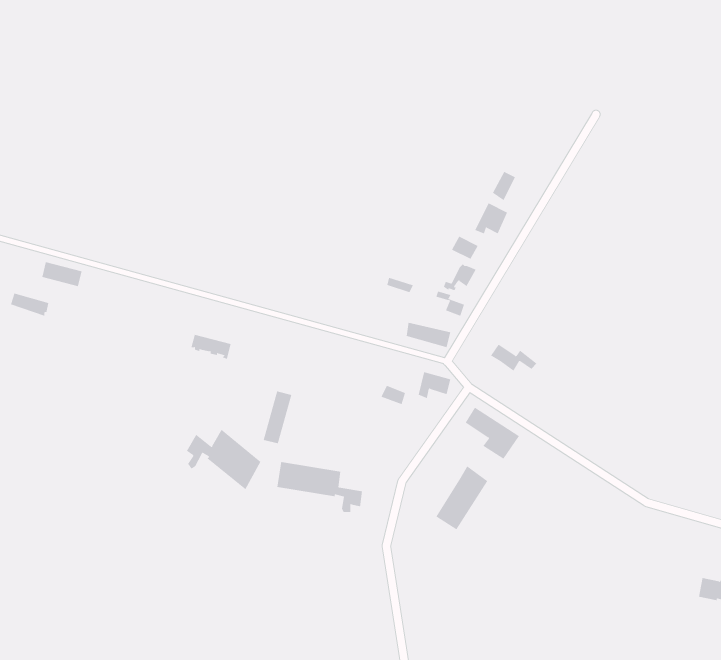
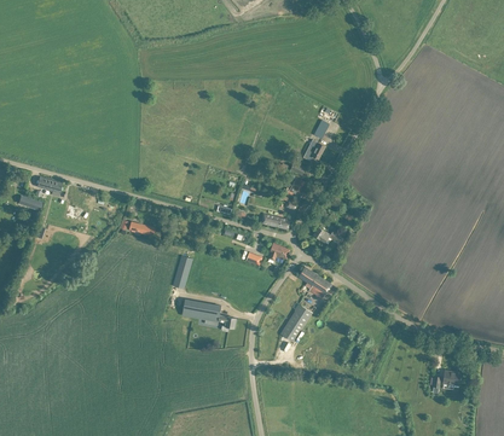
building: [186,429,261,490] -> none

